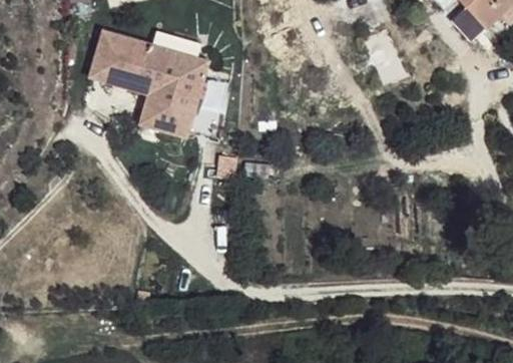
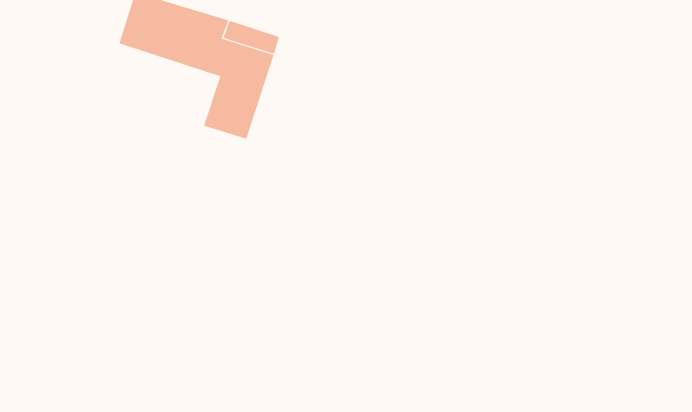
building: [89,68,165,128] -> none

